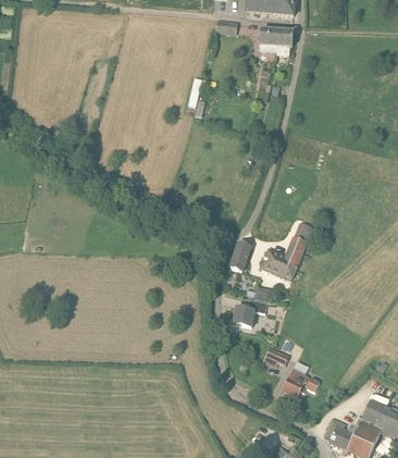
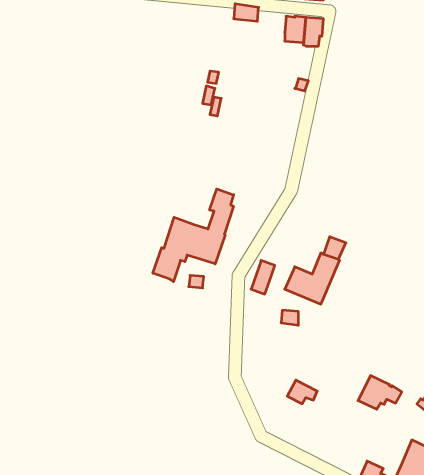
building: none -> [153,189,234,282]
building: [234,299,266,326] -> none
building: [282,368,320,397] -> [358,376,402,409]

